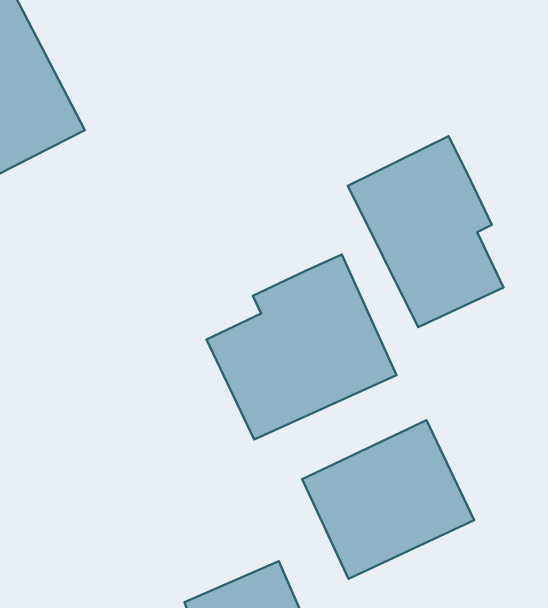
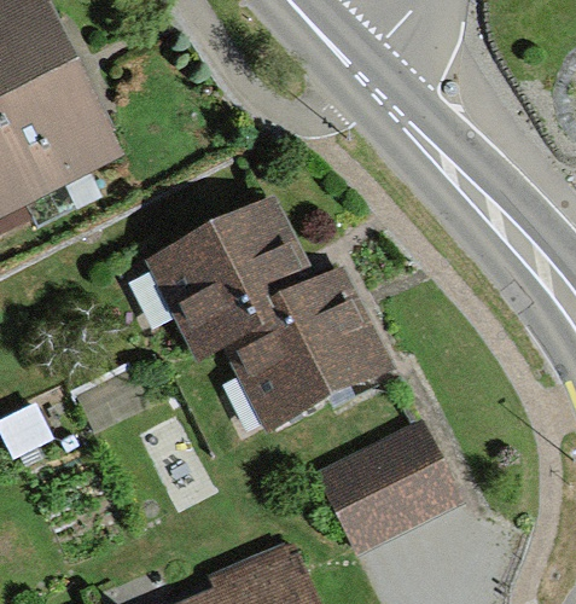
building: [348,136,503,327] -> none
building: none -> [145,198,314,359]

